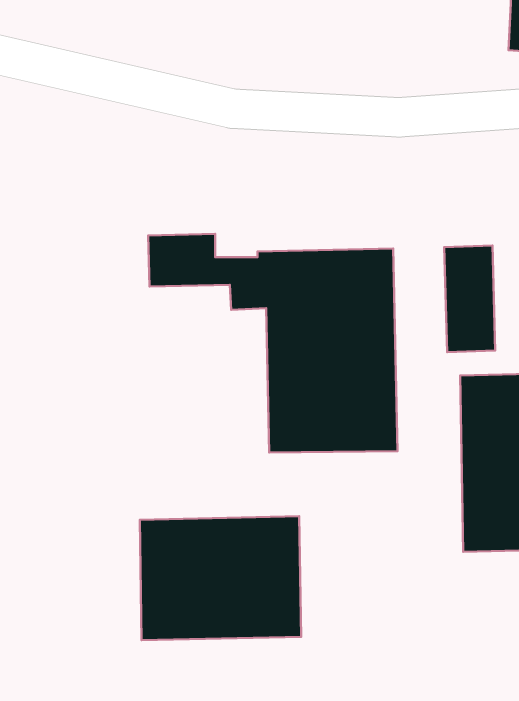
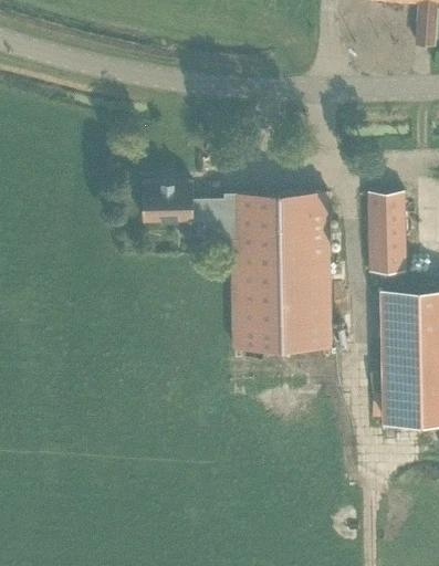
building: [140,516,301,640] -> none

